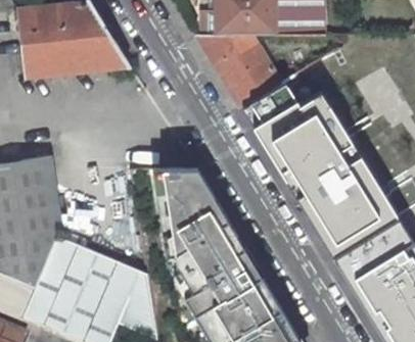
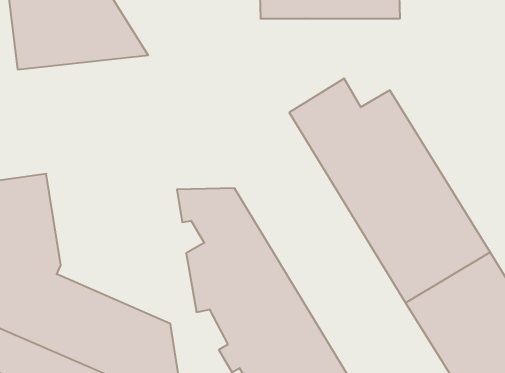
building: [197,35,283,108] -> none

